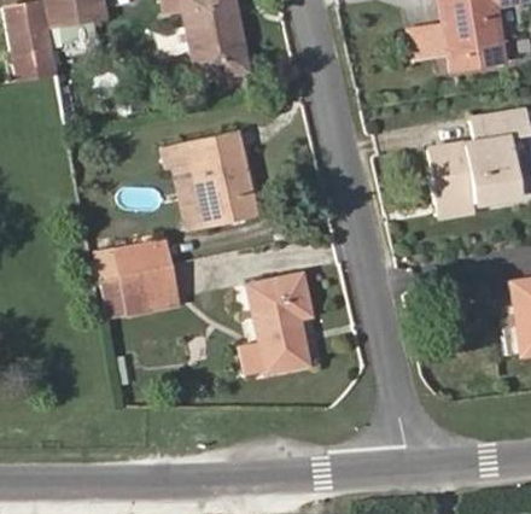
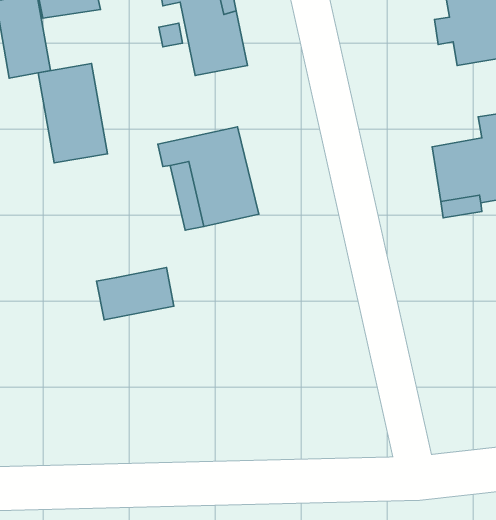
building: none -> [38,64,107,163]
building: [116,239,170,275] -> none
building: [241,273,311,373] -> none

